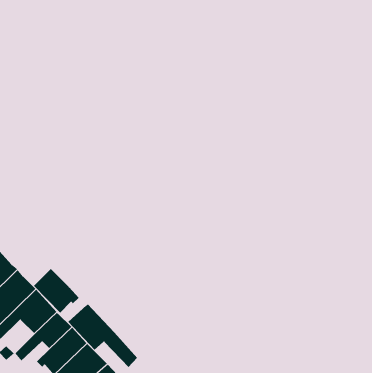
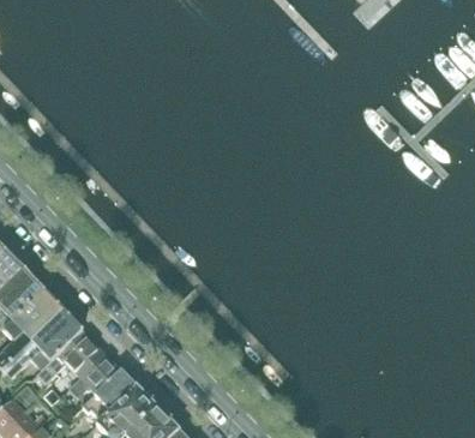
building: [33,268,80,313] -> none
building: [67,304,138,368] -> none

